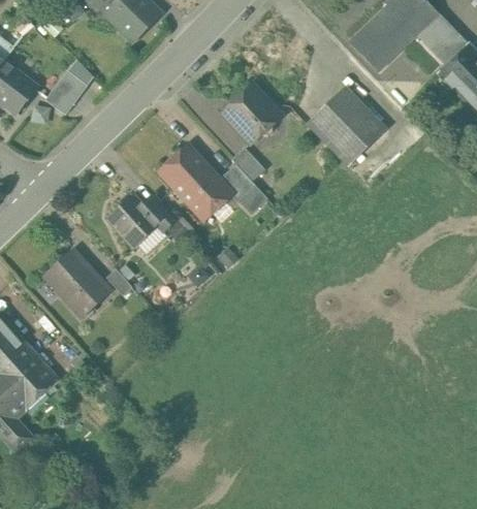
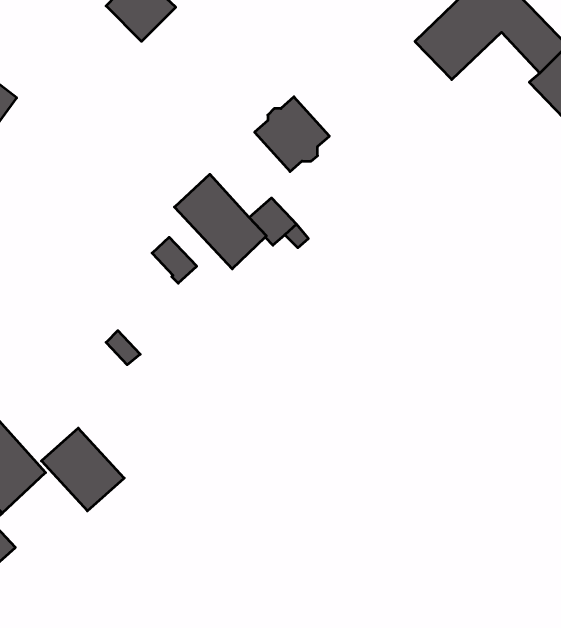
building: [45,70,88,115] -> none
building: [308,87,386,165] -> none
building: [231,147,265,181] -> none
building: [109,196,159,247] -> none
building: [45,251,110,316] -> [41,428,124,511]

